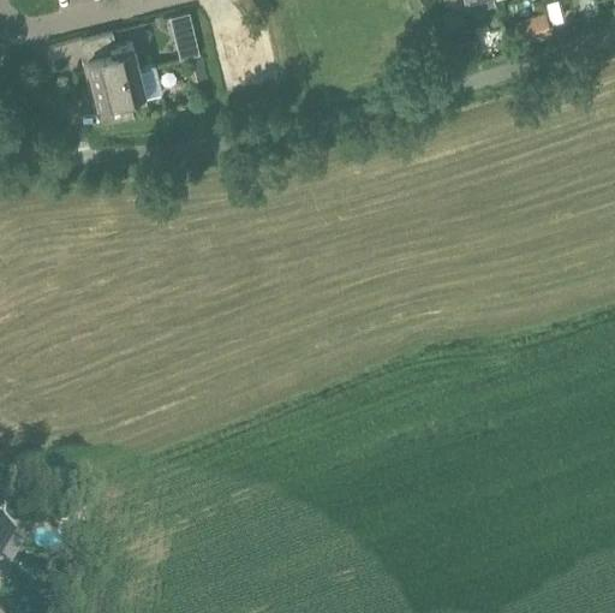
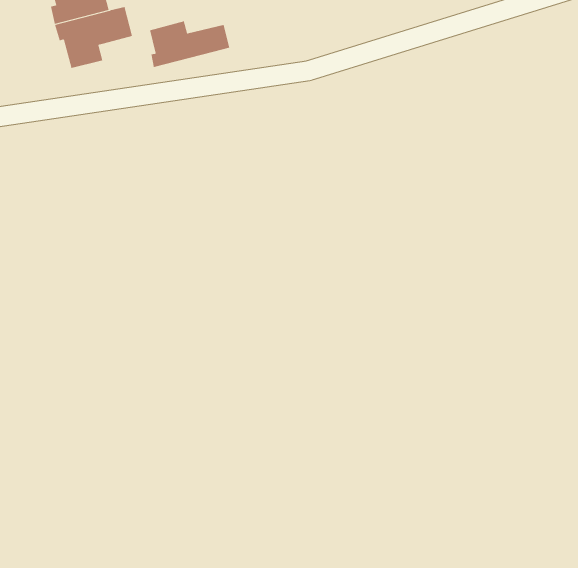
building: none -> [150,20,230,68]

